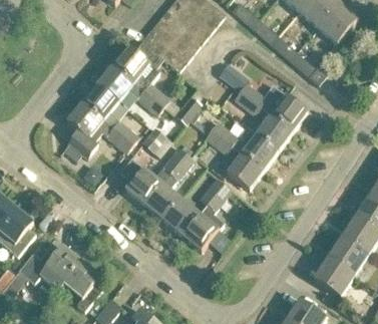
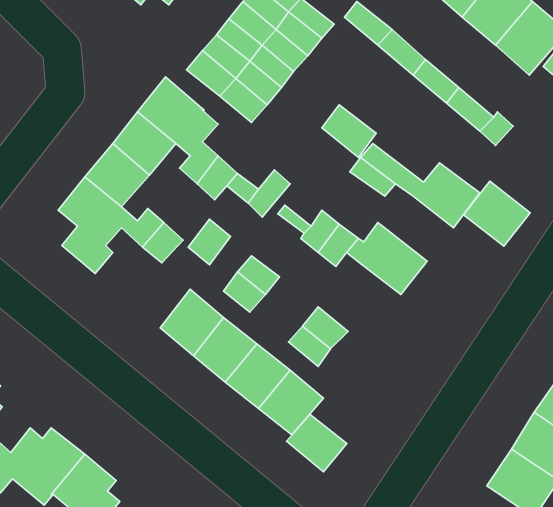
building: [254,114,292,151] -> [463,181,530,246]
building: [225,153,262,190] -> none
building: none -> [286,414,347,472]

